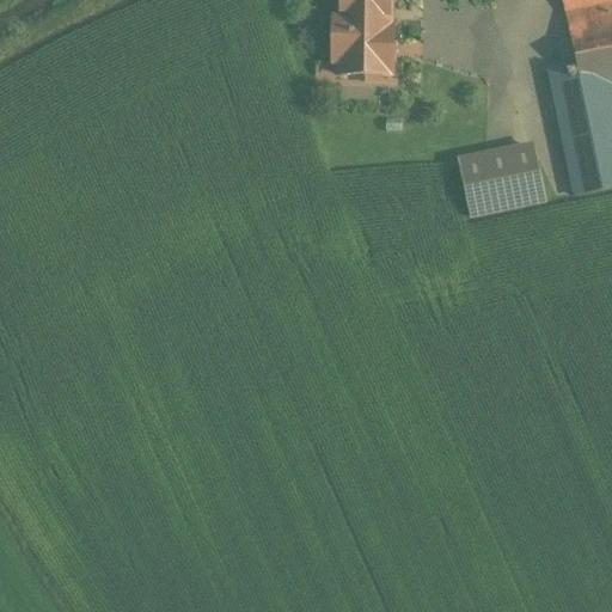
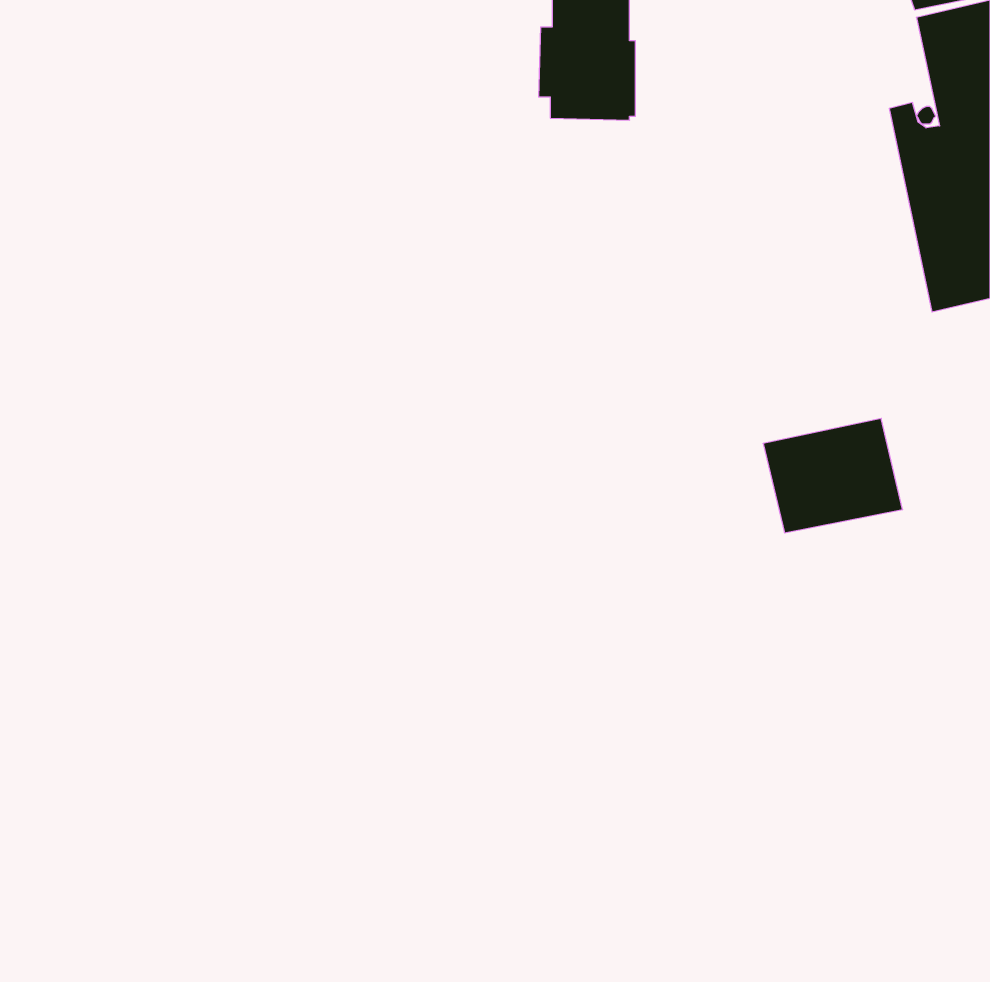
building: [459,143,545,214] -> [763,418,903,533]

